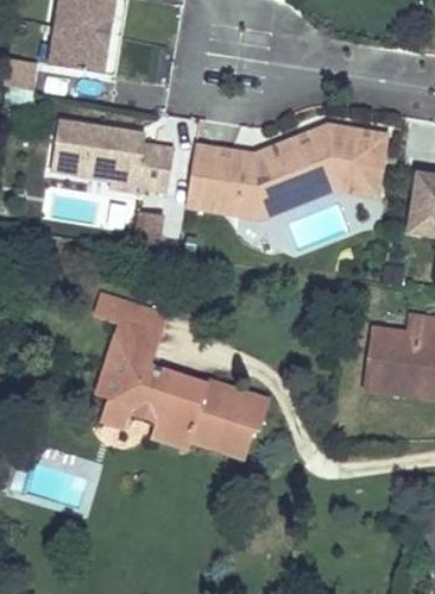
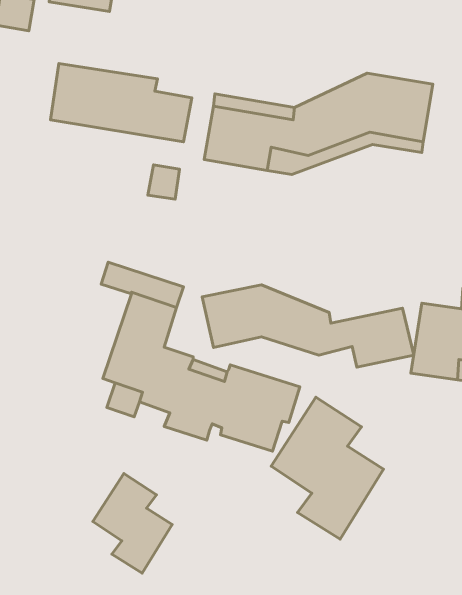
building: none -> [202,285,414,367]
building: none -> [271,397,383,539]
building: none -> [93,474,172,573]

